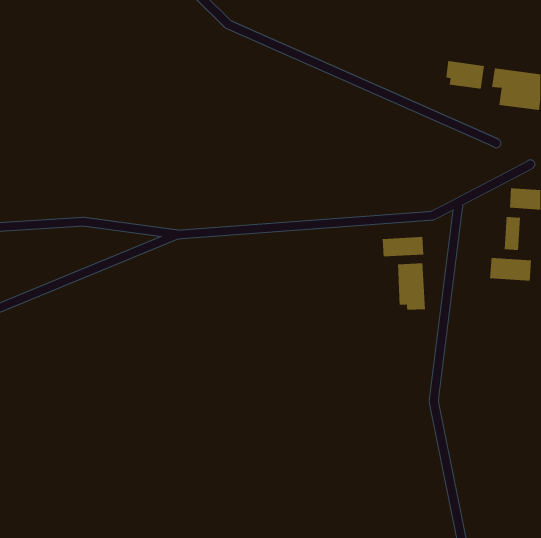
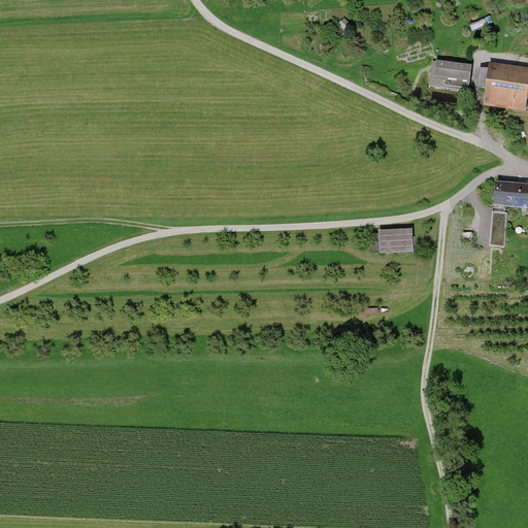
building: [490,257,532,282] -> none
building: [397,263,426,310] -> none

